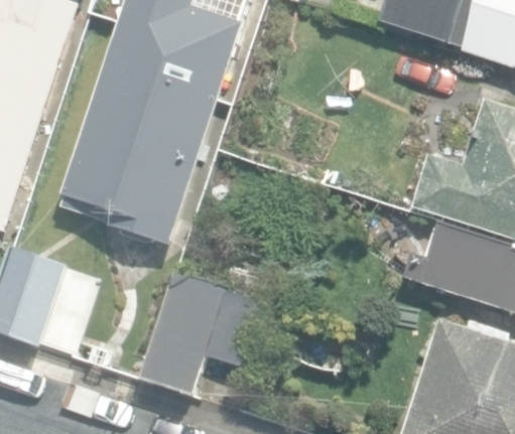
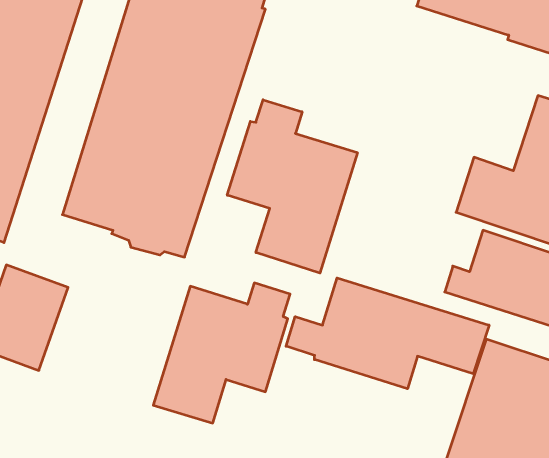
building: none -> [227,100,357,273]
building: none -> [286,278,489,389]

